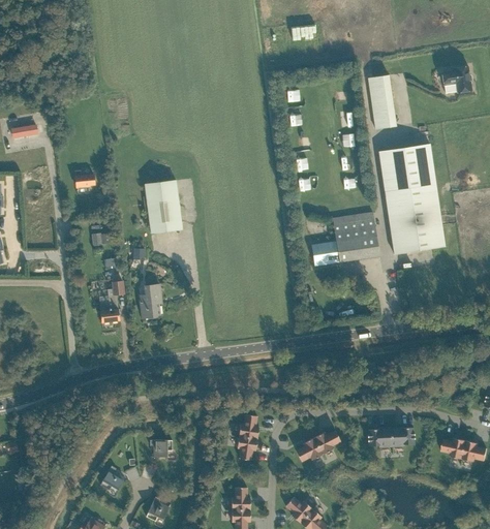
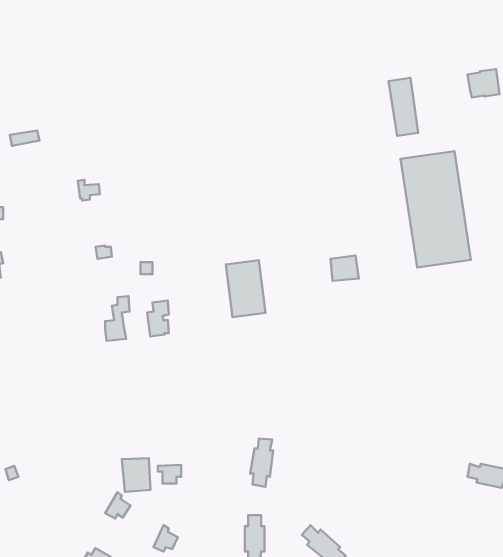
building: [146,180,183,234] -> [226,260,265,317]
building: [333,212,382,263] -> none
building: [368,426,414,446] -> none
building: [296,430,340,461] -> none
building: none -> [122,458,150,492]

